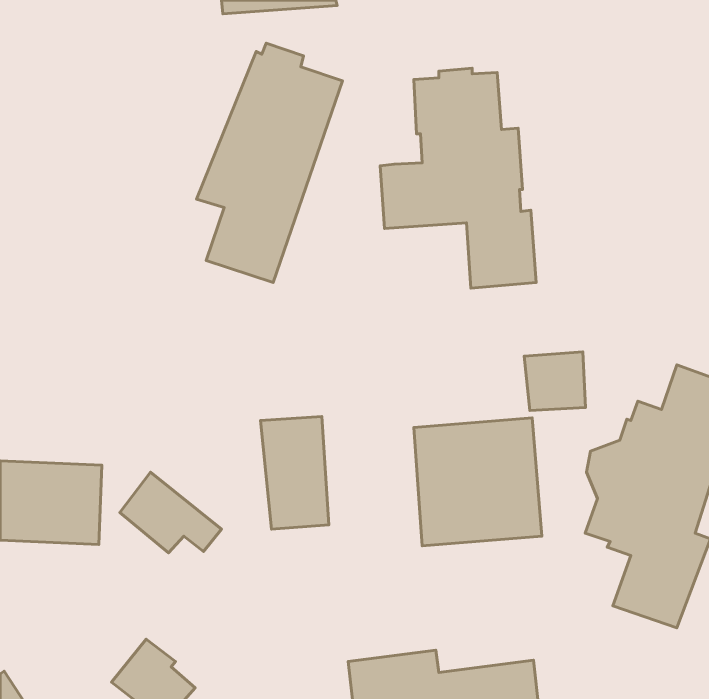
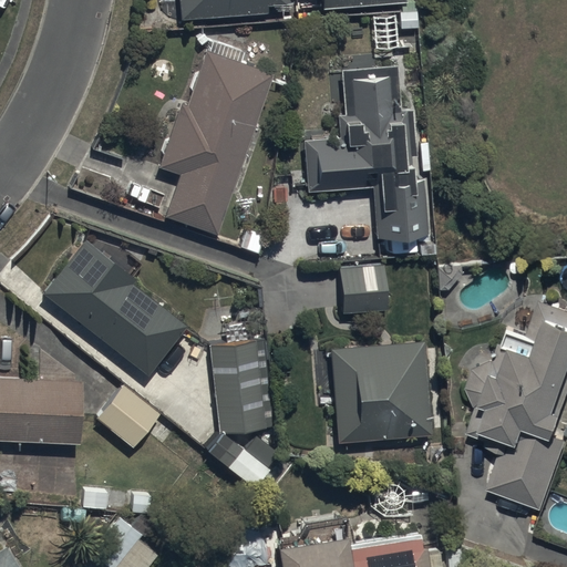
building: none -> [42,240,187,374]
building: [524,352,586,410] -> [337,266,385,312]
building: none -> [207,432,278,485]

